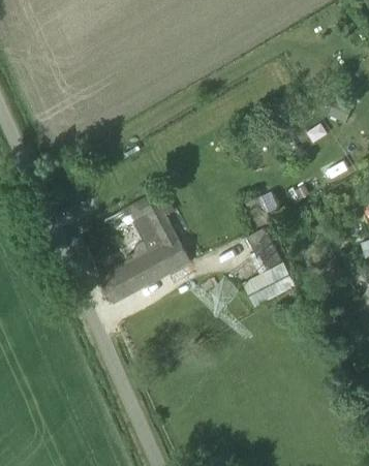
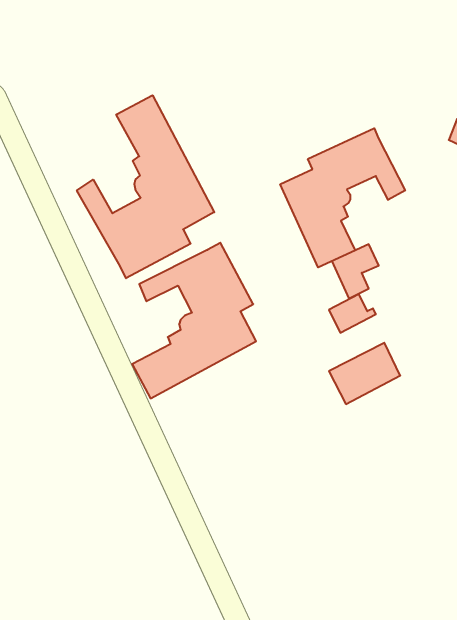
building: none -> [77,95,214,278]
building: none -> [280,128,405,267]

